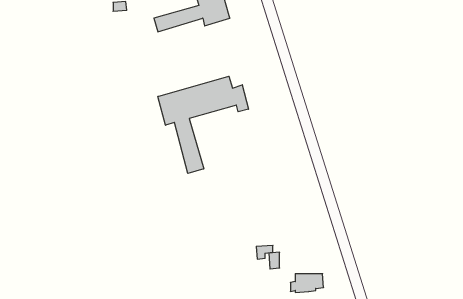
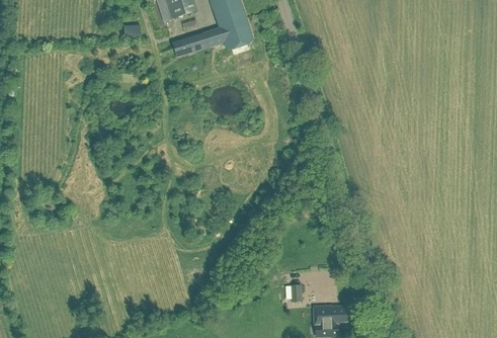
building: [158,76,248,173] -> none

